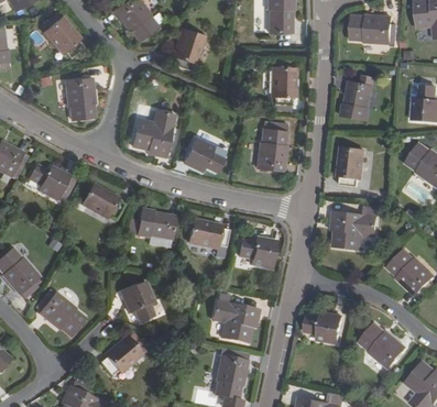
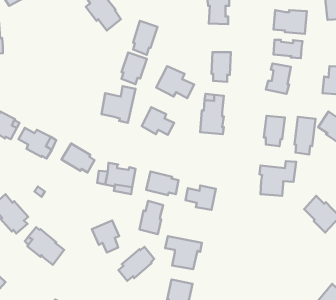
building: [40,11,83,57] -> none
building: none -> [274,40,303,58]
building: none -> [122,53,147,84]
building: [64,77,94,119] -> none
building: none -> [156,66,194,98]
building: none -> [294,117,315,155]
building: none -> [140,201,163,234]
building: [304,311,341,342] -> none
building: [358,322,405,366] -> none
building: [99,331,144,374] -> [118,247,154,281]

